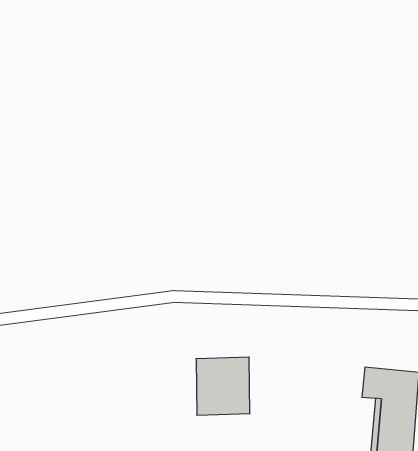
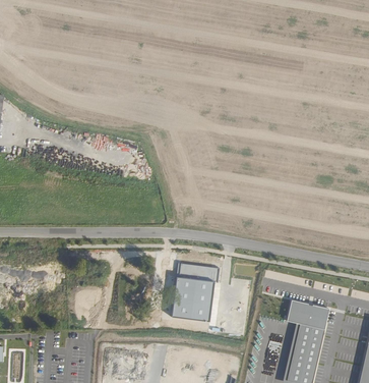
building: none -> [178,263,219,281]

